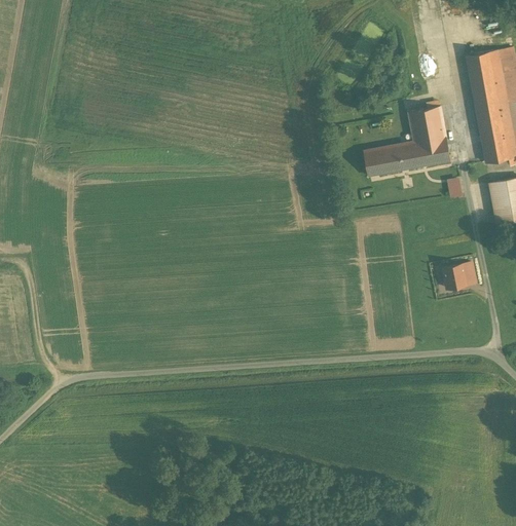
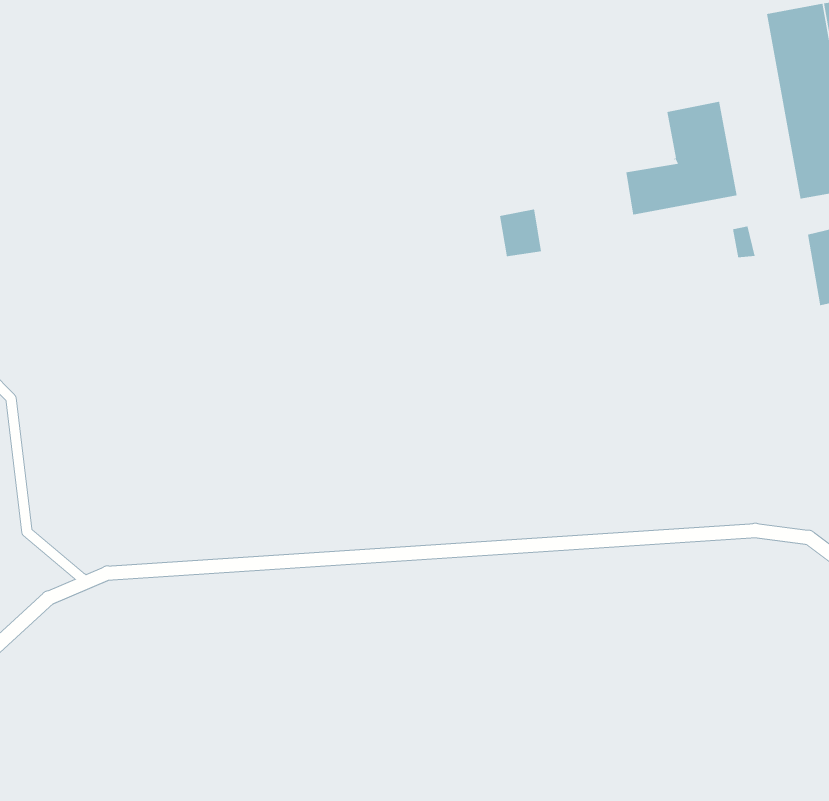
building: [366,147,391,175] -> [499,209,542,257]
building: [445,264,469,288] -> none

